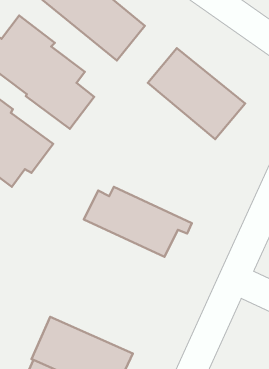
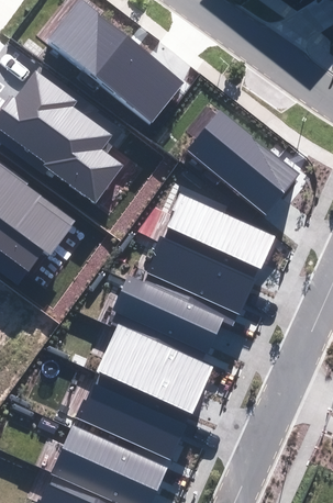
building: none -> [144,193,274,314]
building: none -> [95,326,212,414]
building: none -> [74,384,186,460]

